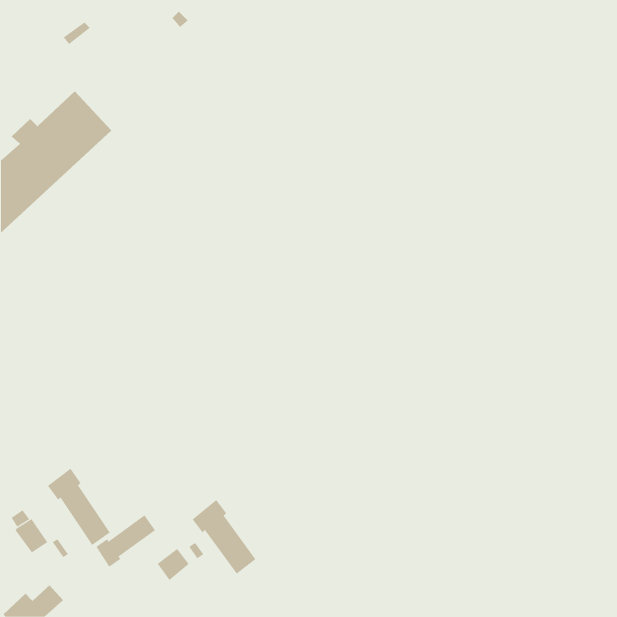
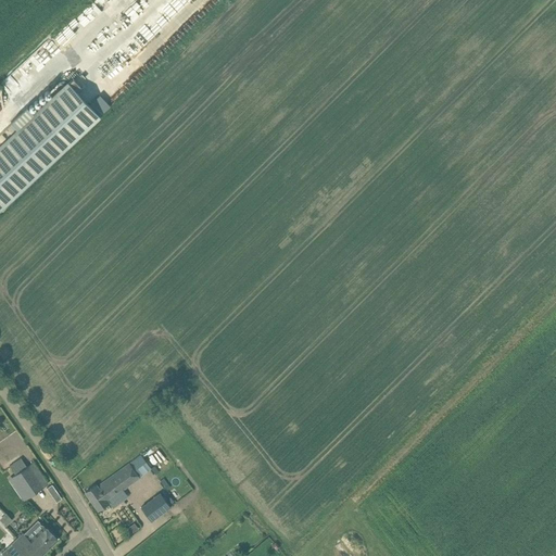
building: [47,468,110,546] -> none
building: [192,499,256,575] -> none

